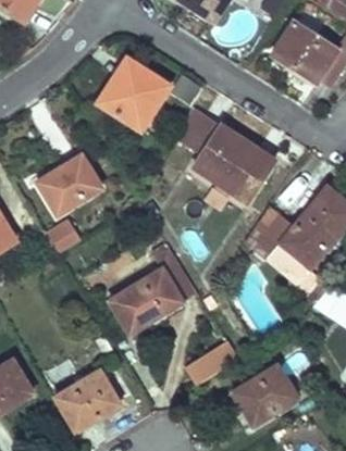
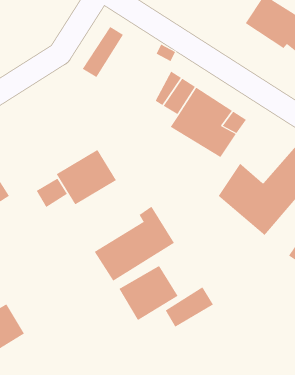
building: [112,66,171,133] -> none
building: [37,154,103,215] -> [56,149,117,205]
building: [234,364,298,425] -> none
building: [55,369,121,430] -> [119,265,179,321]

